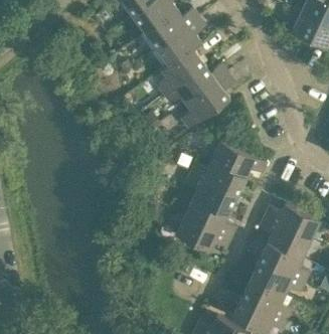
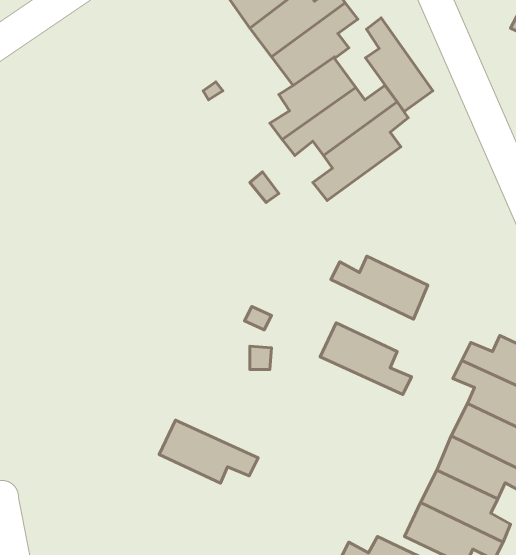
building: none -> [365,18,433,111]
building: [211,140,267,175] -> none
building: [186,172,237,212] -> none
building: [176,215,231,251] -> [159,420,258,483]

